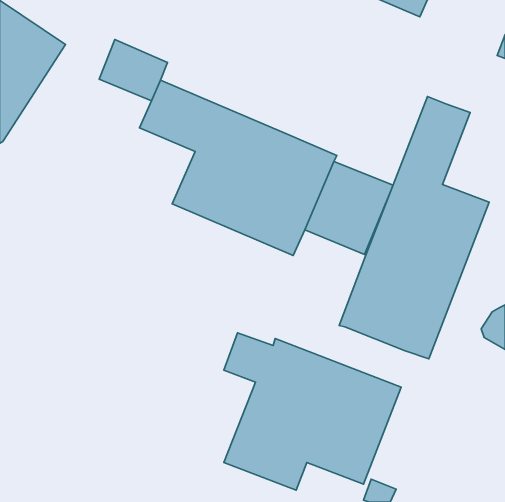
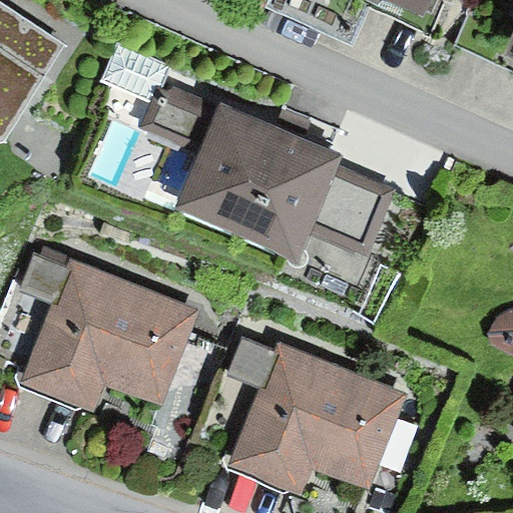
building: [339,97,489,359] -> none
building: none -> [18,253,198,411]

